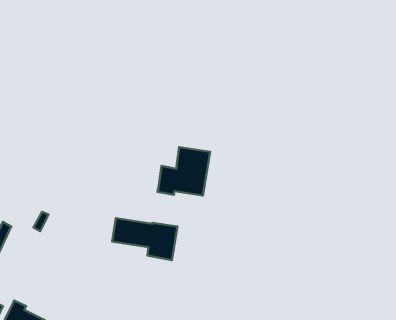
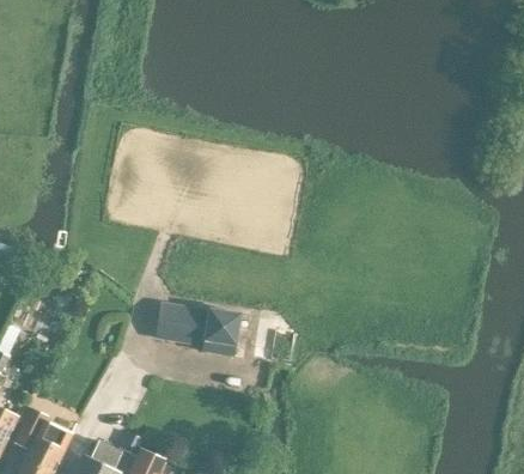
building: [157,147,210,195] -> none

